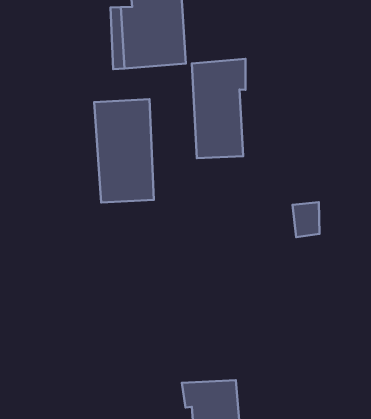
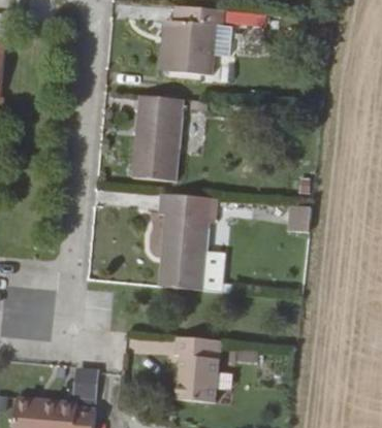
building: [192,59,246,158] -> none
building: none -> [157,192,213,289]

